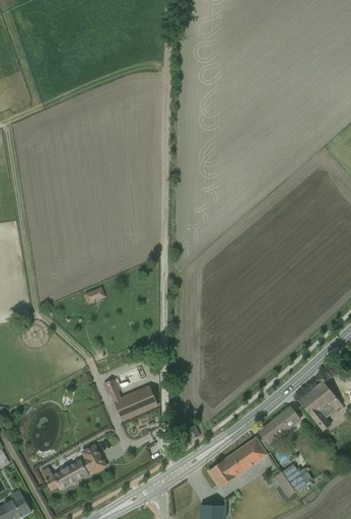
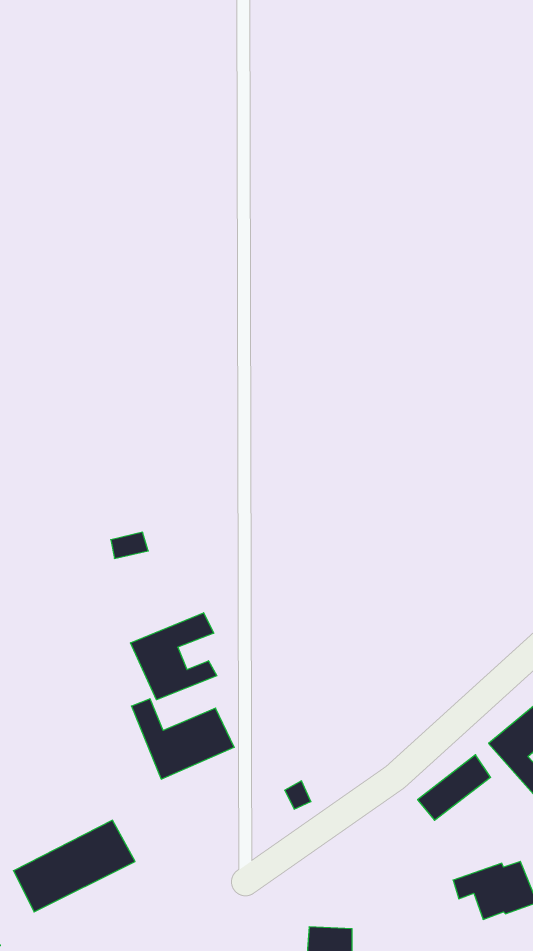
building: none -> [131,613,217,700]
building: [208,438,266,487] -> none

